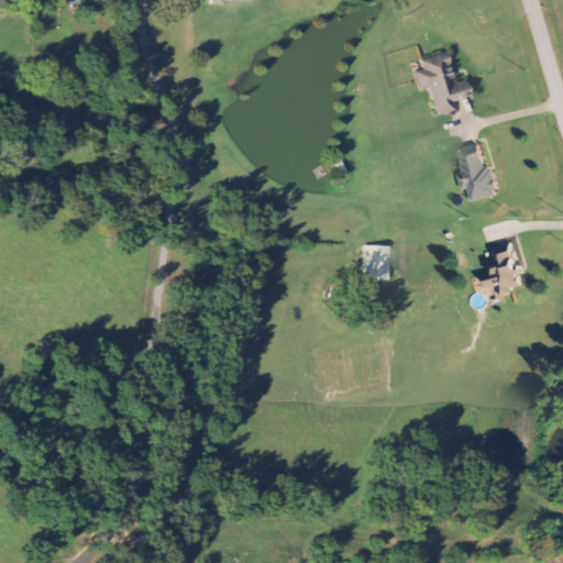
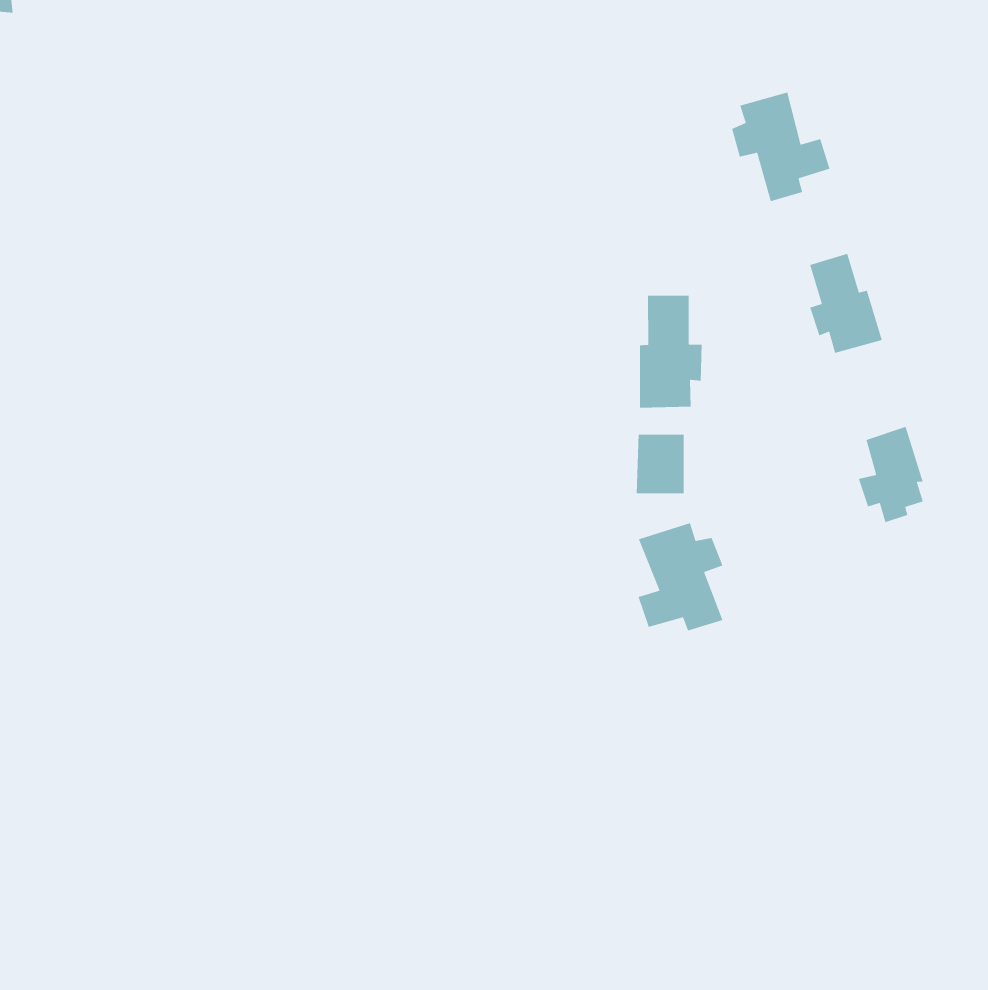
building: none -> [639,295,702,409]
building: none -> [637,522,723,632]

